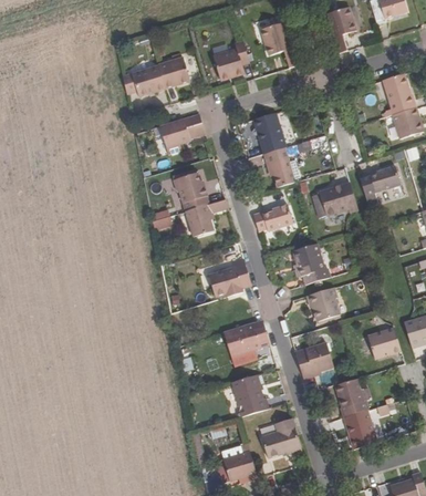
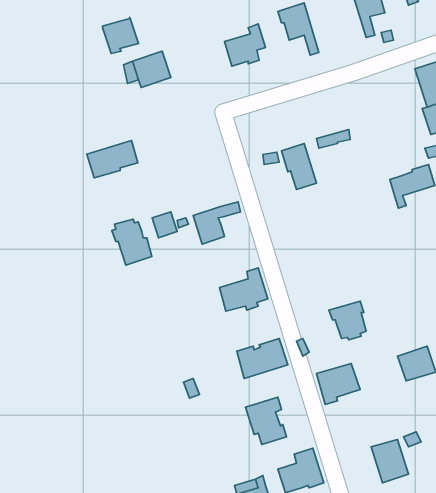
building: [157,55,189,87] -> [103,18,139,54]
building: [252,112,285,153] -> none
building: [159,113,205,146] -> [87,141,138,178]
building: [173,169,208,210] -> [112,219,152,265]
building: [315,182,357,215] -> none
building: [252,204,292,230] -> none
building: [292,242,329,283] -> none
building: [334,378,368,416] -> none

